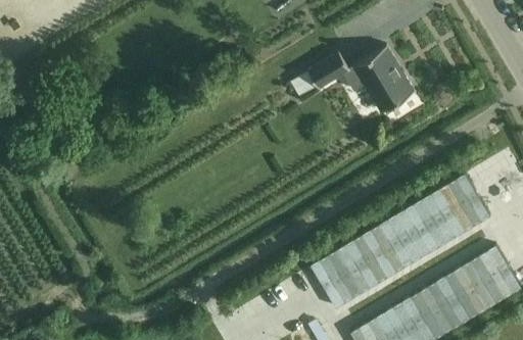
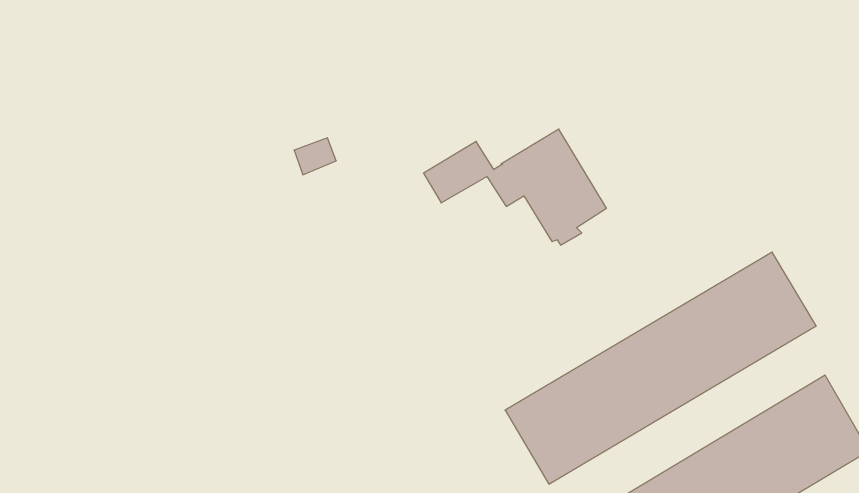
building: [307,46,414,113] -> [423,129,606,245]

